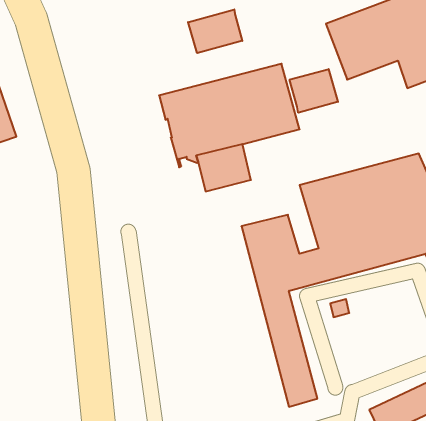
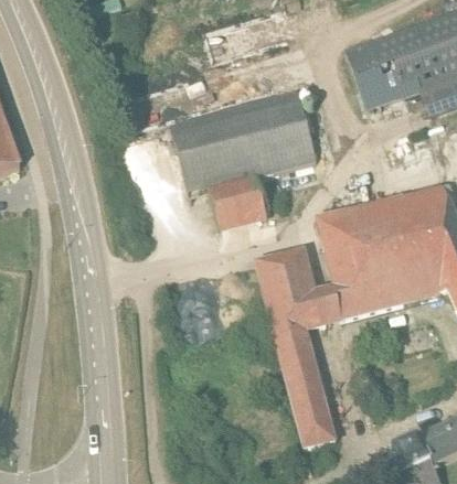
building: [188,9,242,53] -> none
building: [290,69,338,113] -> none

